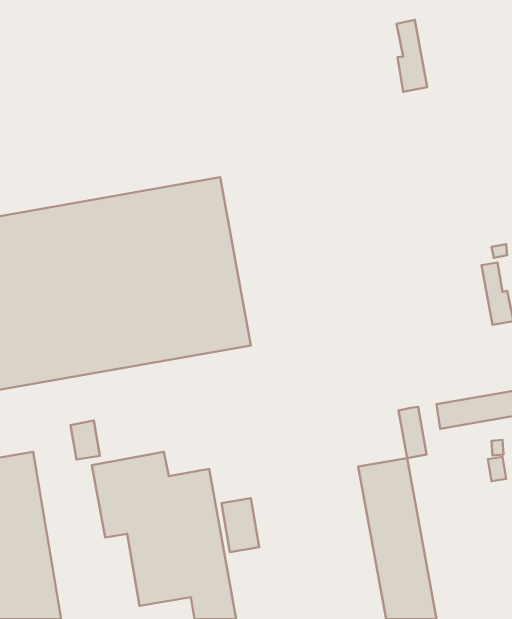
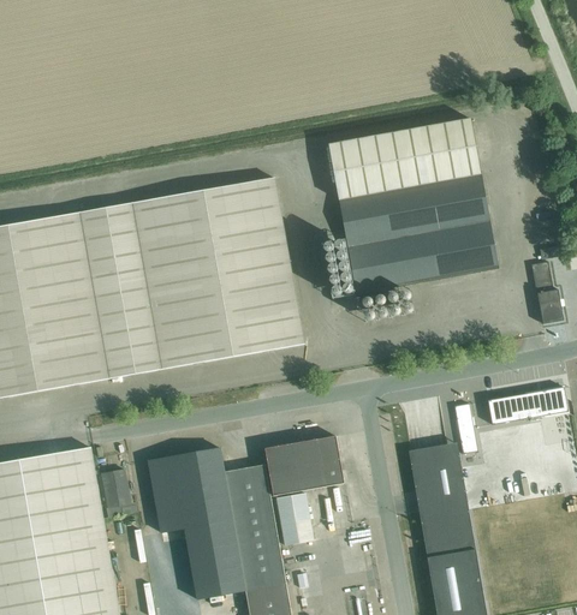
building: [397,20,427,92] -> none
building: none -> [328,118,498,293]
building: [71,420,100,460] -> [100,468,129,507]
building: none -> [264,436,344,495]

